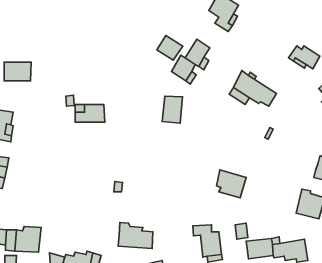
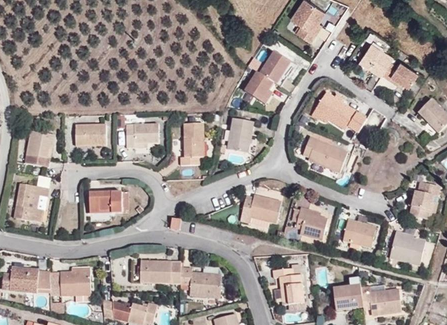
building: none -> [355,39,393,74]
building: [157,35,183,60] -> none
building: [4,62,31,81] -> [76,125,108,147]
building: none -> [183,123,208,165]
building: none -> [307,137,352,171]
building: none -> [239,191,283,221]
building: none -> [90,192,125,216]
building: none -> [341,214,377,246]
building: none -> [134,257,183,284]

